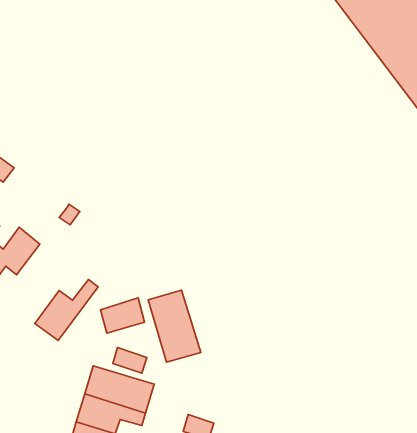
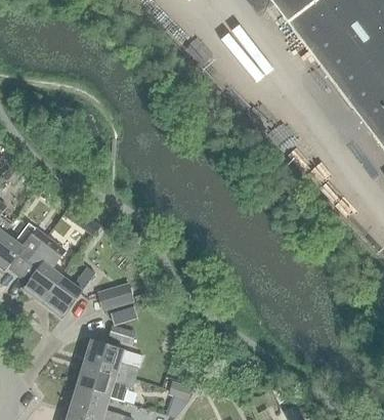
building: none -> [23,237,65,303]
building: [148,290,201,362] -> none

